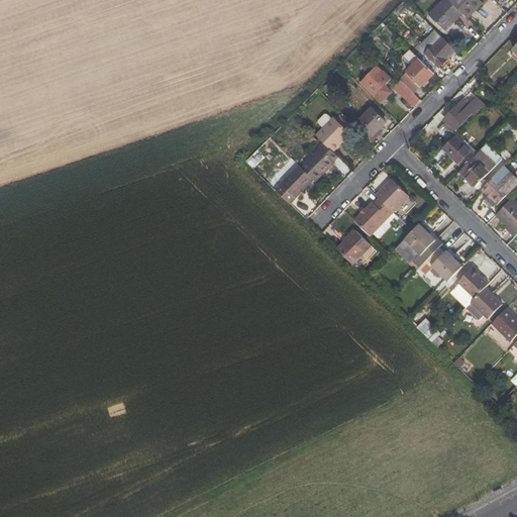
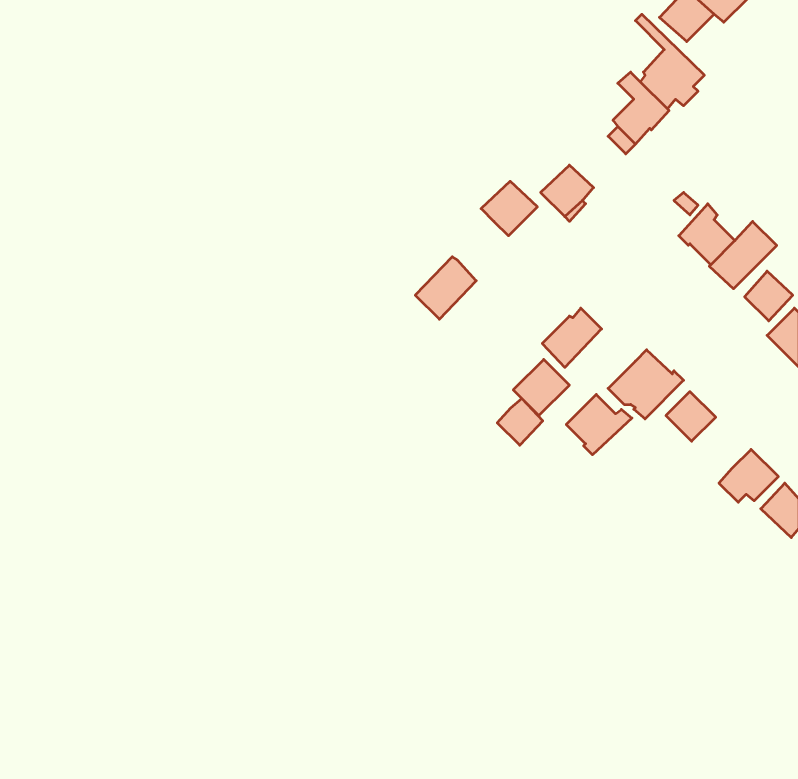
building: [363,66,390,96] -> none
building: [444,96,485,130] -> none
building: [300,142,337,182] -> none
building: [375,180,408,212] -> none
building: none -> [566,394,632,455]
building: none -> [497,398,543,445]
building: [456,268,488,298] -> none

